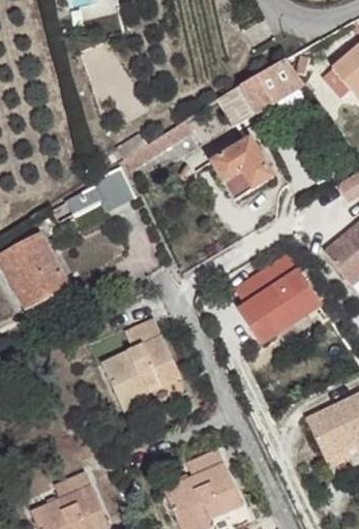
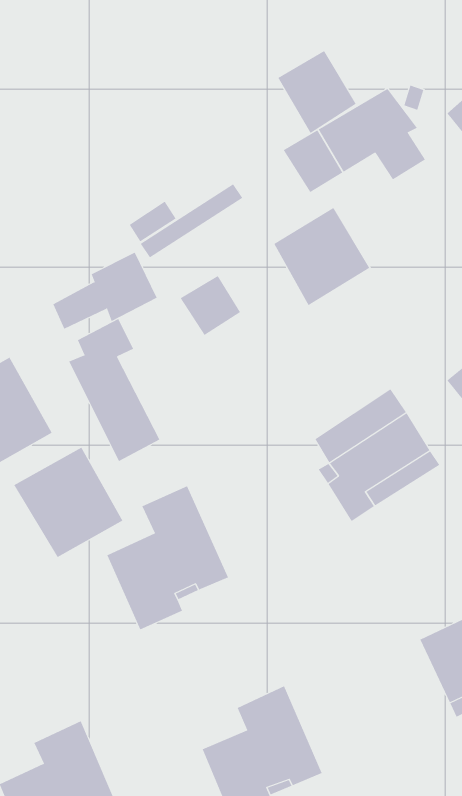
building: none -> [278,50,356,134]
building: none -> [180,275,241,336]
building: none -> [69,318,160,462]
building: none -> [13,447,123,558]

